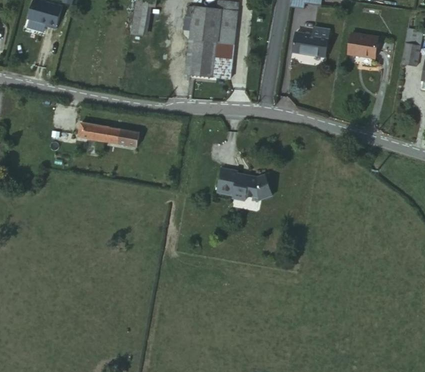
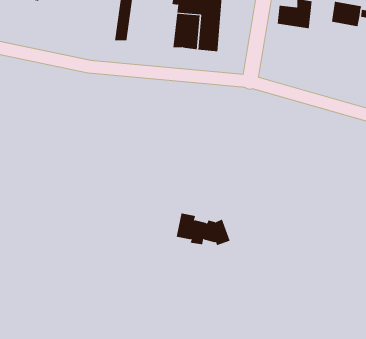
building: [78,121,139,147] -> none
building: [217,168,272,201] -> [176,213,231,246]

